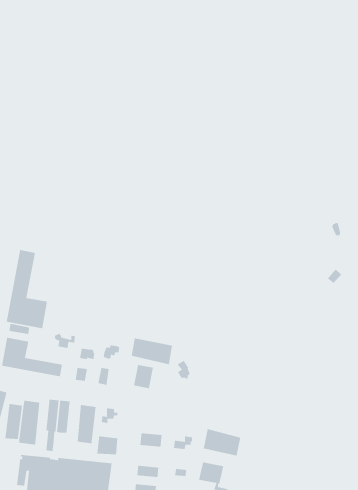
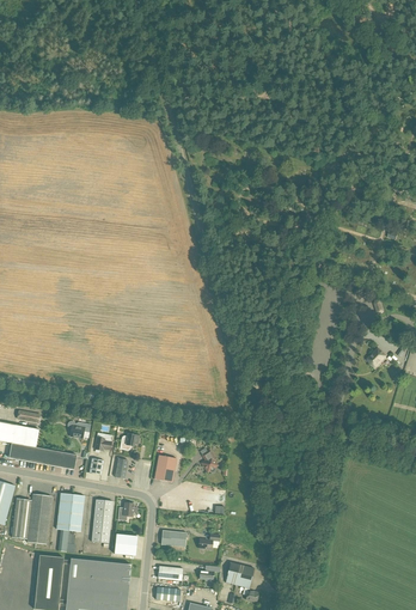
building: [6,249,48,329] -> none
building: [131,338,173,365] -> none
building: [203,428,241,457] -> none

